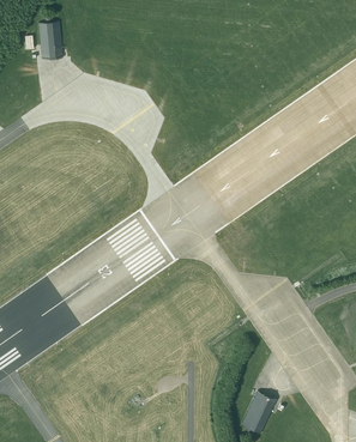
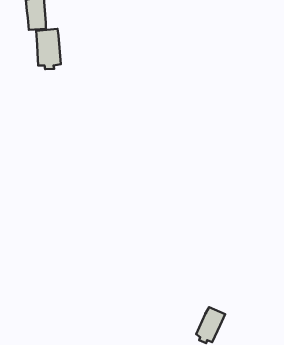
building: none -> [36,29,61,69]

